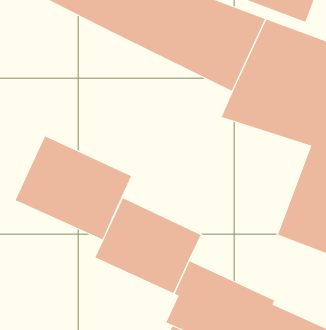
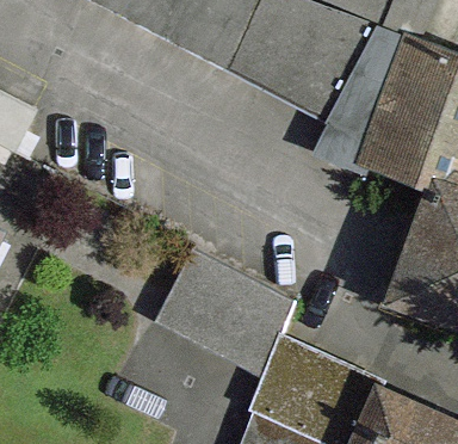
building: [15,135,132,240] -> none

